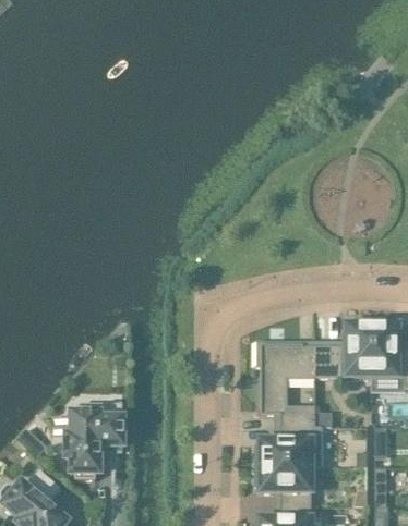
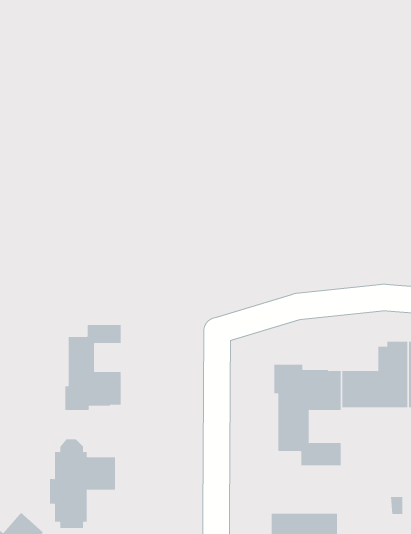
building: none -> [65,324,121,411]
building: [254,426,321,467] -> none

